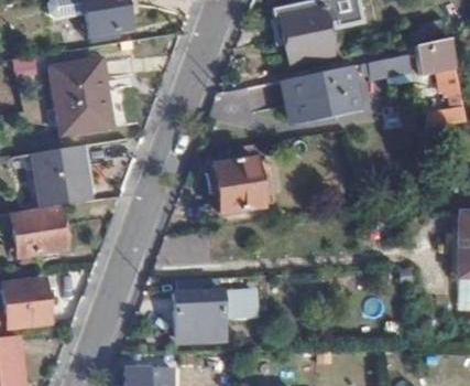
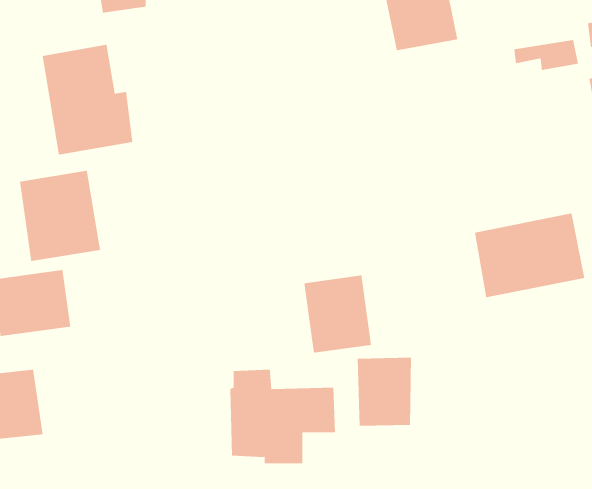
building: [288,66,363,124] -> [474,213,585,298]
building: [217,161,263,214] -> [303,275,372,353]
building: none -> [357,357,412,426]

